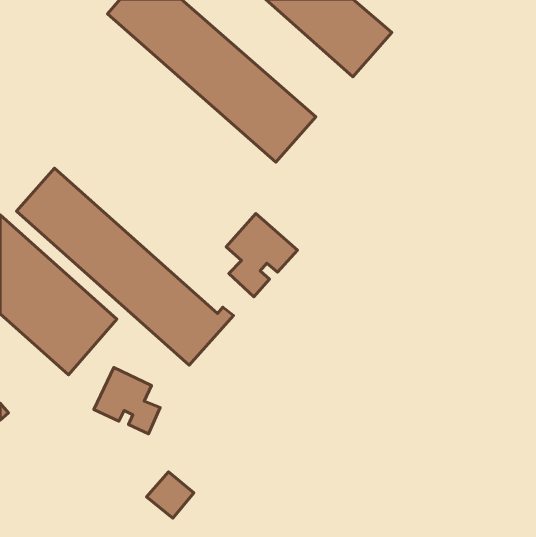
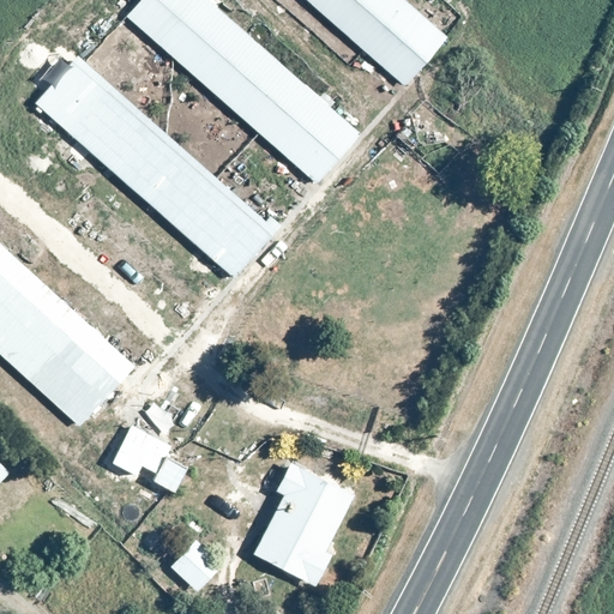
building: [16,168,233,365] -> [35,55,282,279]
building: [226,213,297,297] -> none
building: none -> [253,460,354,586]

